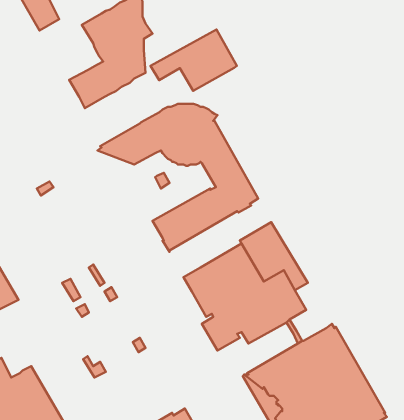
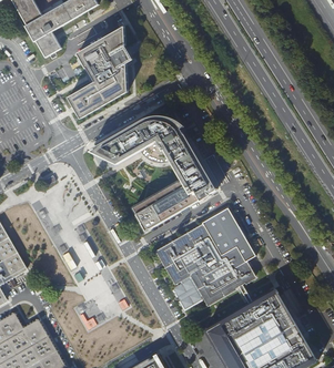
building: [151,30,237,91] -> none

